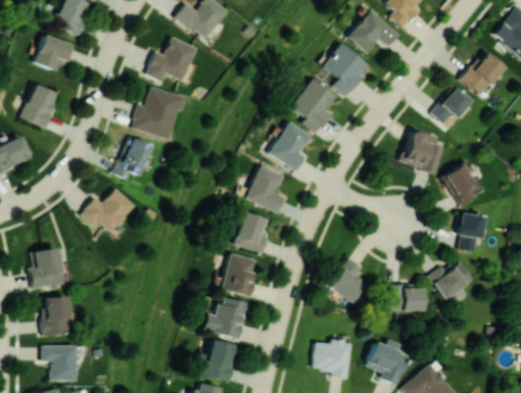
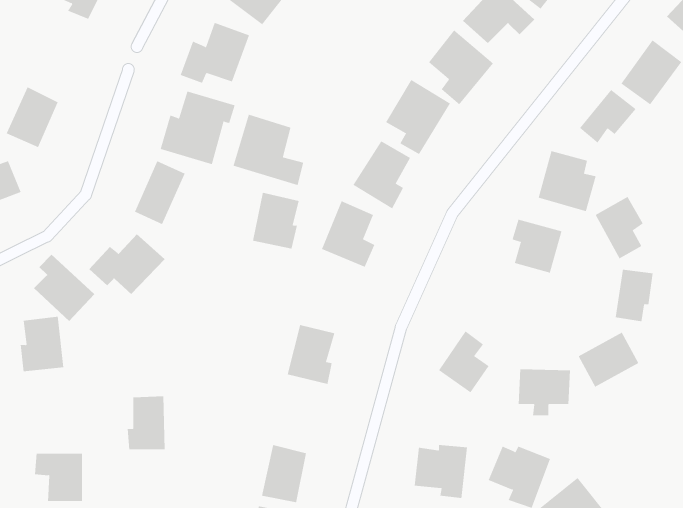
building: [37,36,76,69] -> none
building: none -> [233,114,304,186]
building: none -> [512,219,562,274]
building: none -> [33,254,95,322]
building: [235,211,269,252] -> [252,192,299,249]
building: [41,295,68,334] -> [127,396,165,450]
building: [202,296,247,338] -> none

